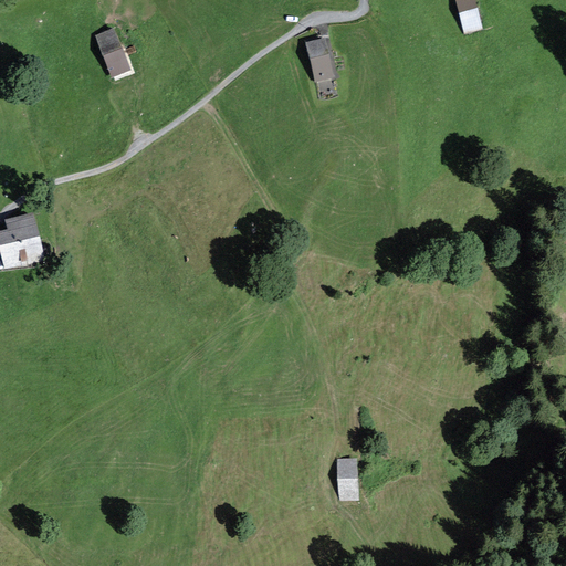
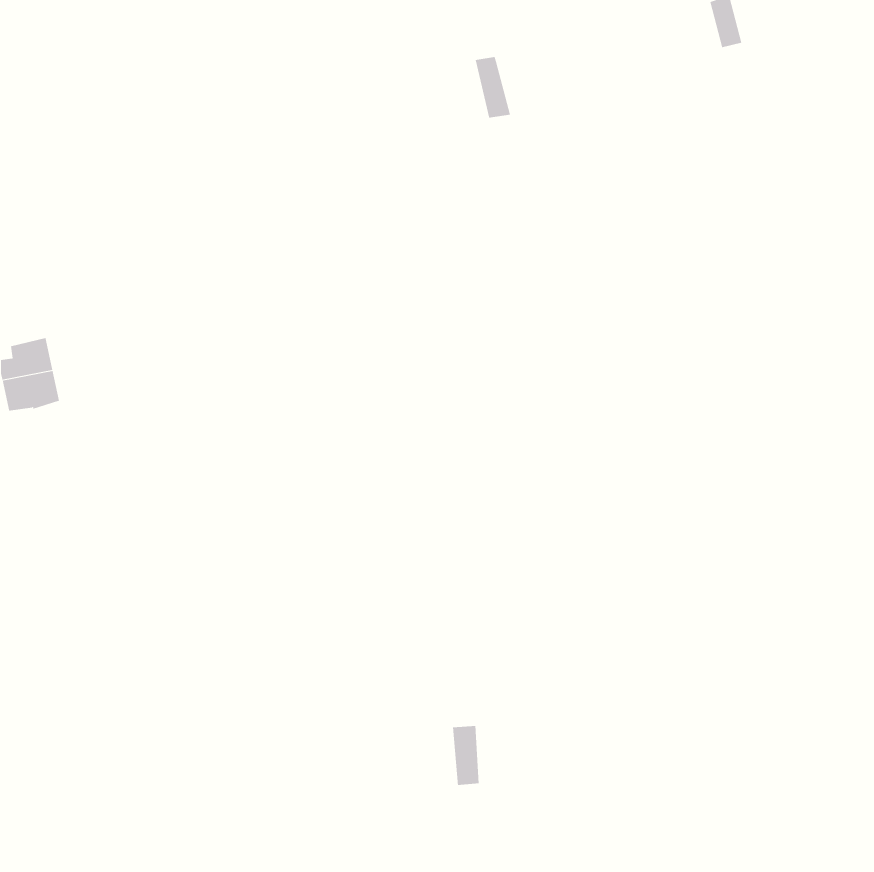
building: [98,27,127,73] -> none
building: [337,459,355,497] -> [452,725,479,785]

